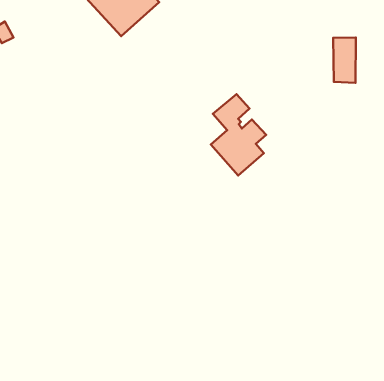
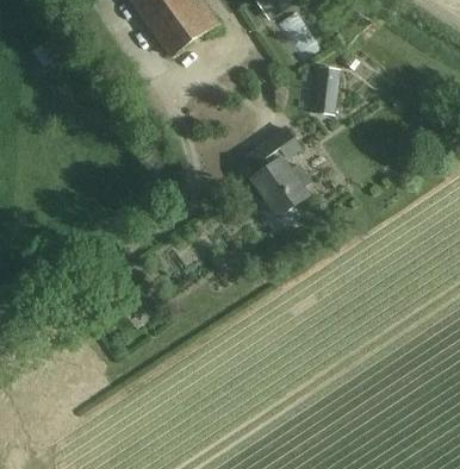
building: [333,37,356,83] -> [312,62,341,112]

